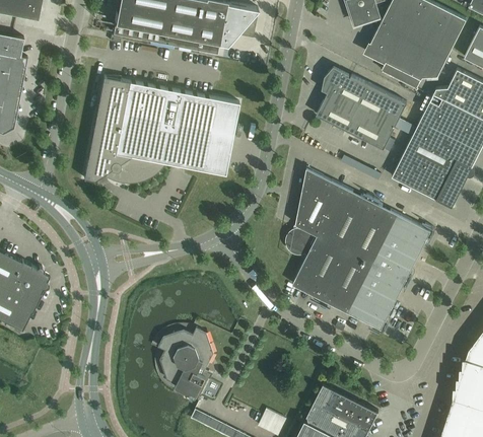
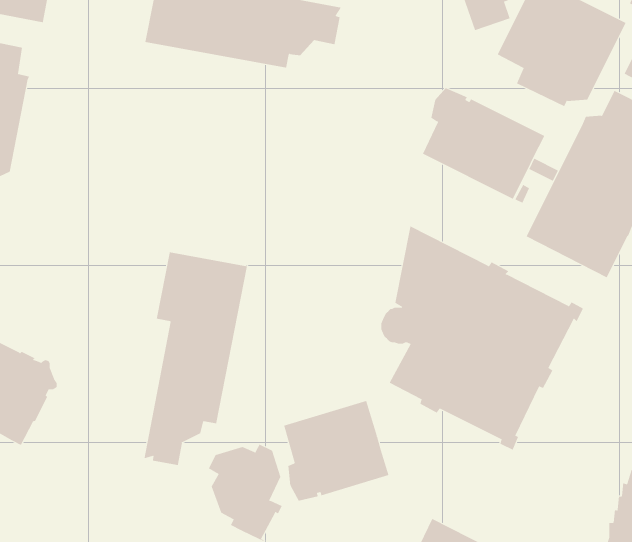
building: [84,76,238,184] -> none
building: none -> [144,252,248,466]
building: none -> [283,400,389,501]

